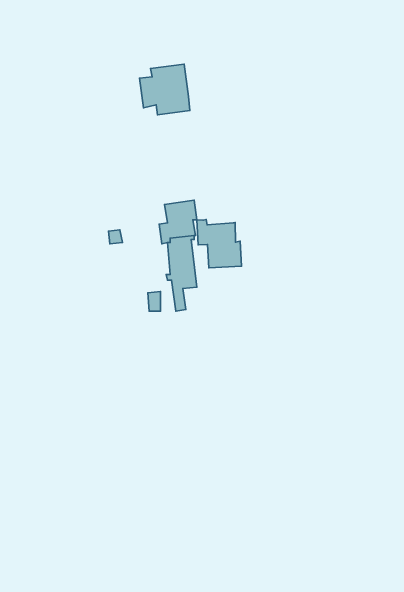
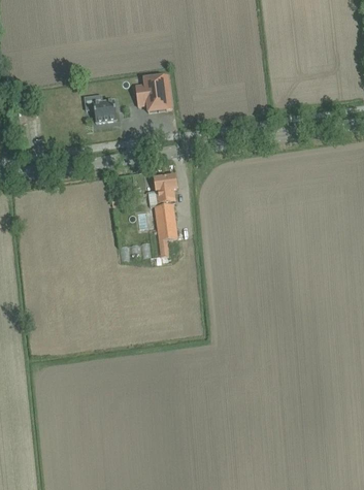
building: none -> [94,100,117,122]
building: [197,220,241,268] -> none

